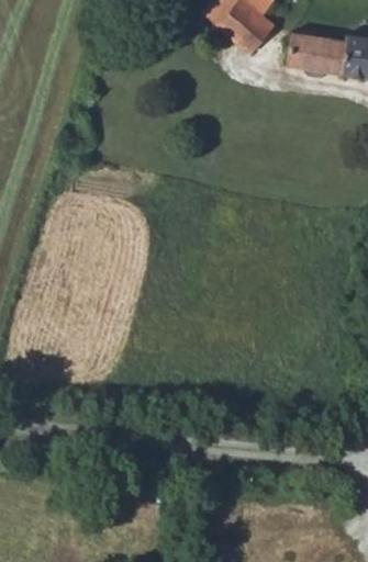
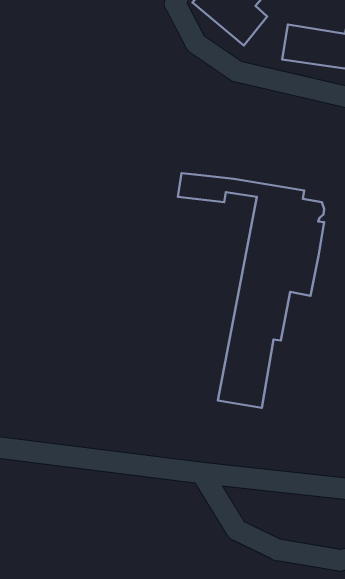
building: none -> [178,173,324,408]

